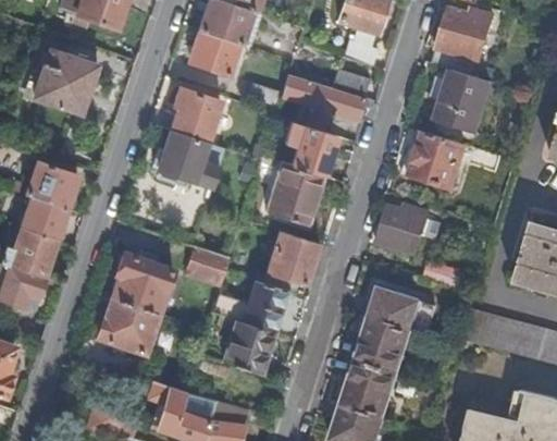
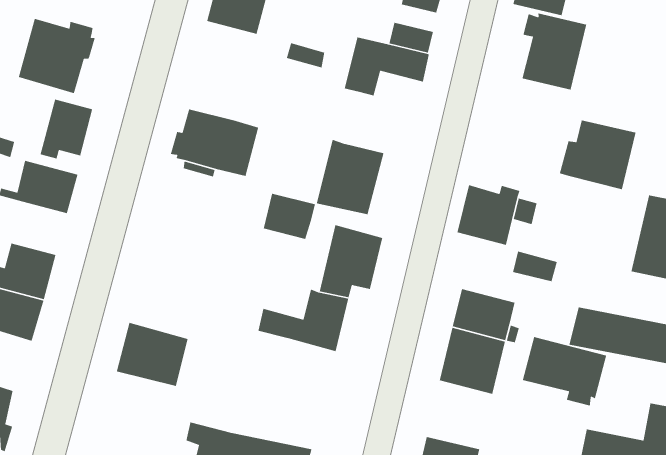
building: [169,88,220,143] -> none
building: none -> [40,99,93,159]
building: [292,126,335,176] -> none
building: [401,134,466,193] -> [559,119,637,190]
building: [20,197,66,241] -> none
building: [186,247,230,286] -> [263,193,316,240]
building: [110,254,171,315] -> none
building: [223,320,274,376] -> none
building: none -> [522,336,607,407]
building: [342,362,397,418] -> none

